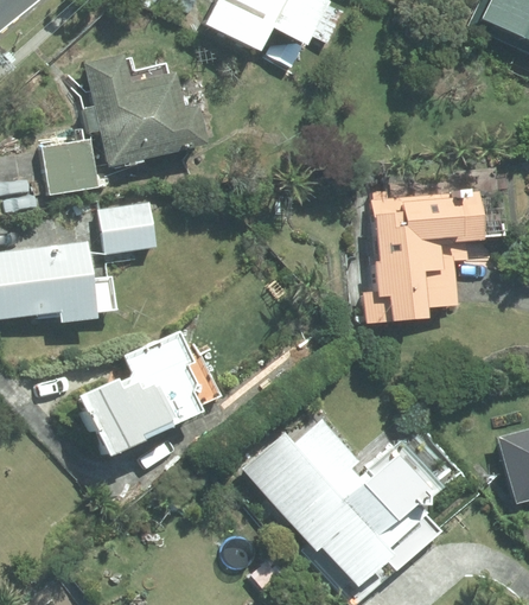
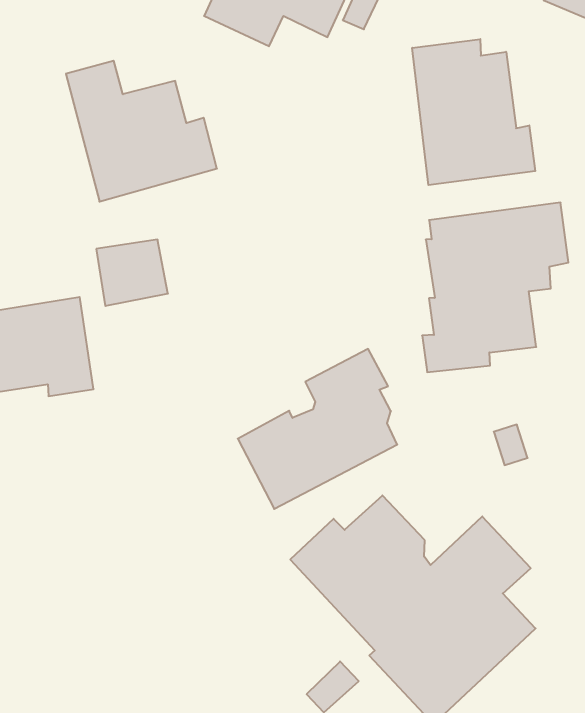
building: none -> [412,39,535,185]
building: [45,138,102,195] -> none
building: [74,332,202,457] -> [238,349,397,509]

